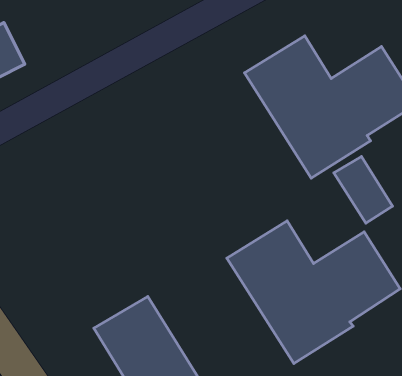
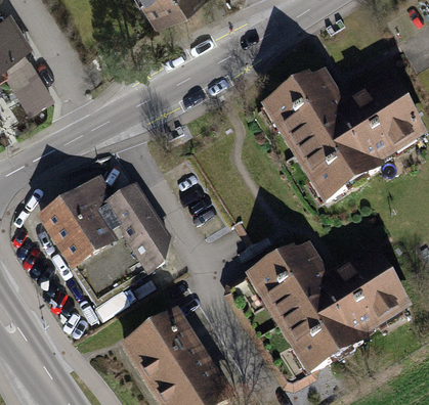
building: [334,157,392,223] -> none
building: none -> [42,180,166,297]

